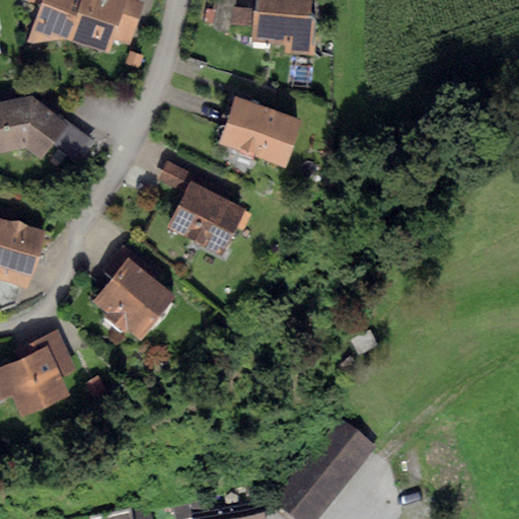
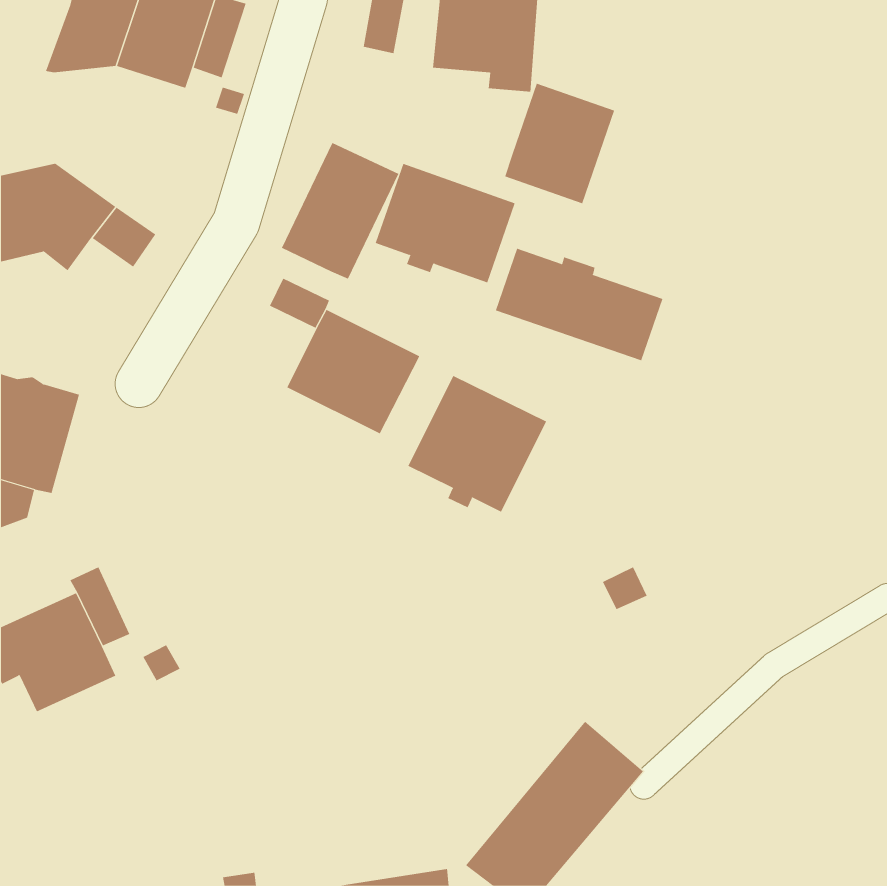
building: none -> [504,83,615,204]
building: none -> [281,142,399,279]
building: none -> [495,248,663,361]
building: none -> [408,375,547,512]
building: [93,257,174,338] -> none

